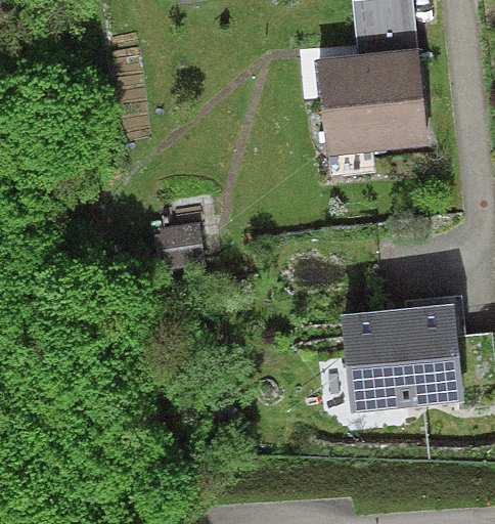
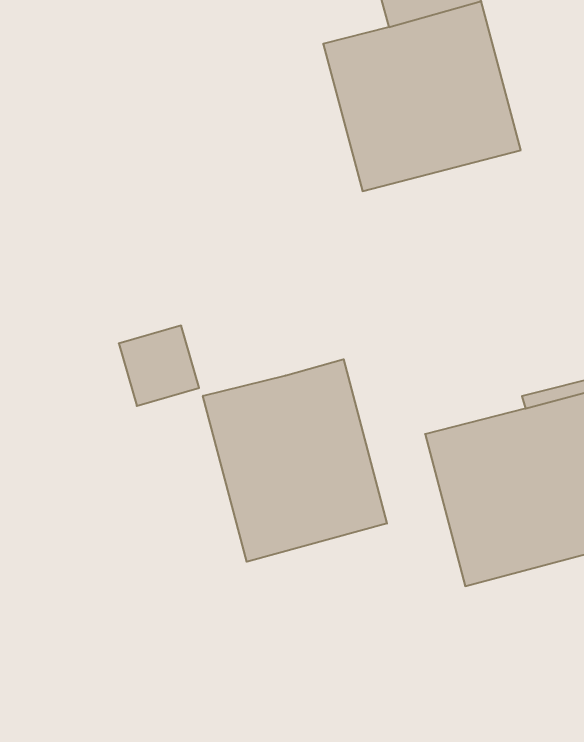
building: none -> [203,359,387,562]

